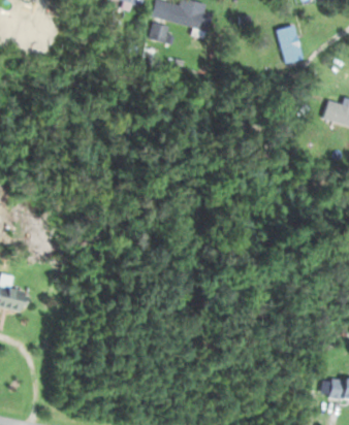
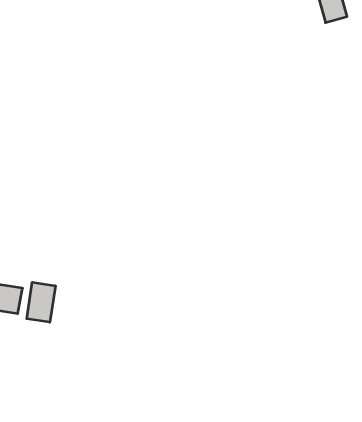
building: none -> [27,282,55,322]

